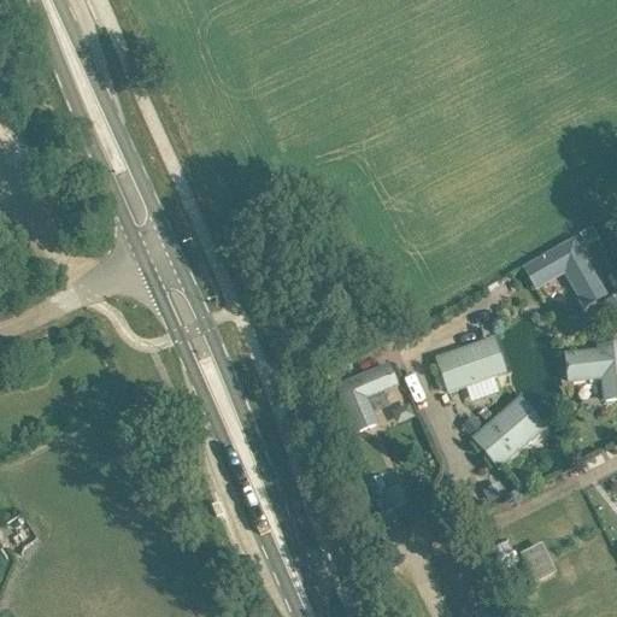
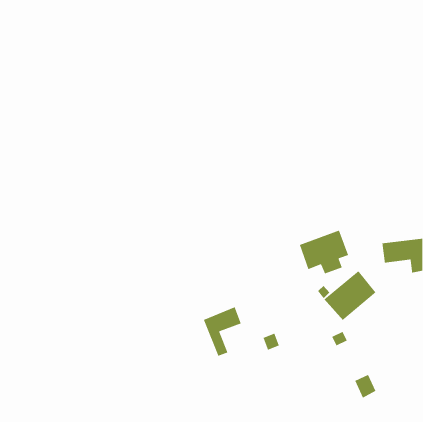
building: [522,235,606,306] -> none
building: [342,358,399,431] -> [203,306,242,357]

